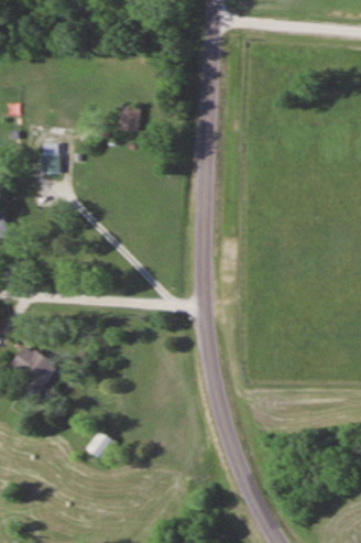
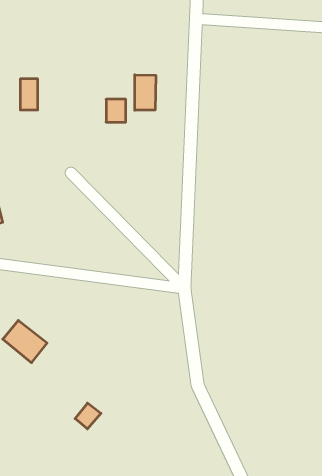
building: none -> [135,75,156,110]
building: [42,142,61,175] -> [20,79,38,110]

